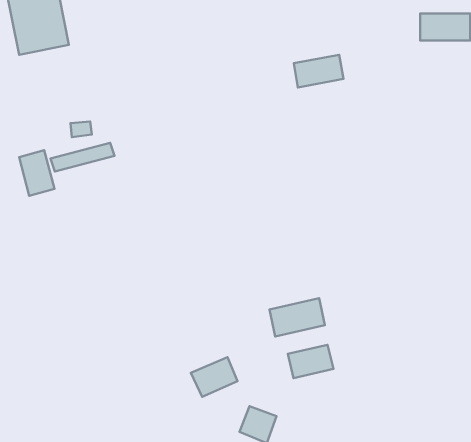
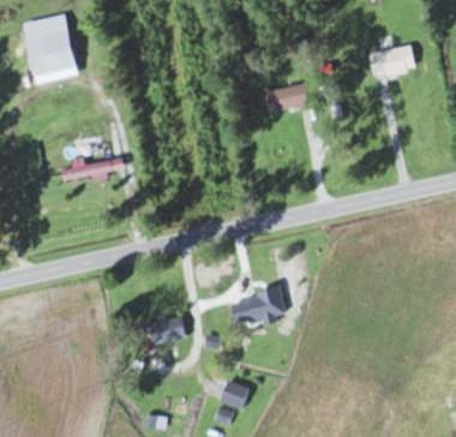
building: [19,150,54,196] -> none
building: [288,345,334,378] -> none
building: [191,357,238,397] -> [146,315,186,348]

